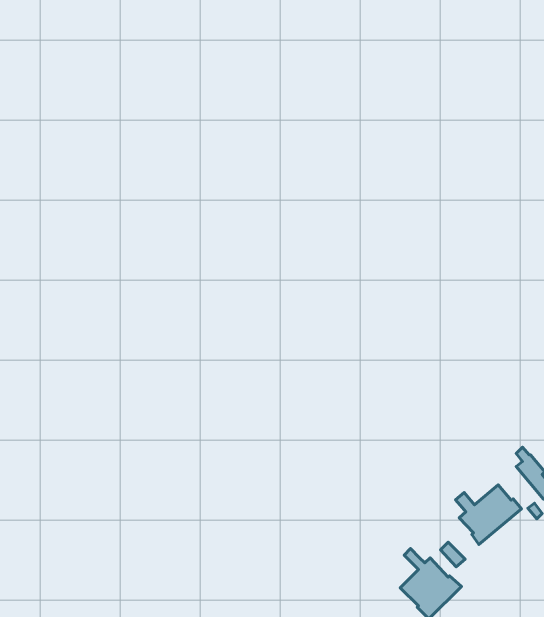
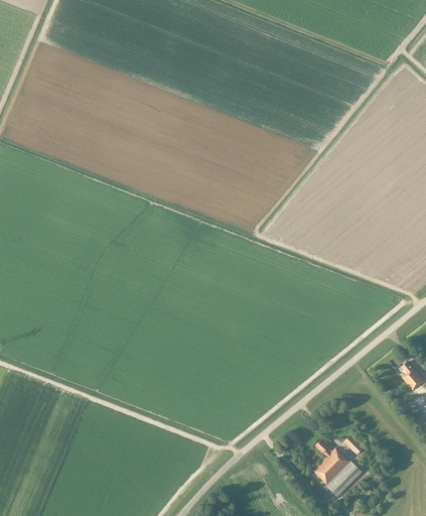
building: [456,485,521,545] -> none

